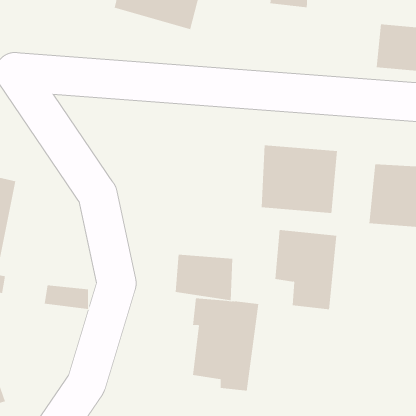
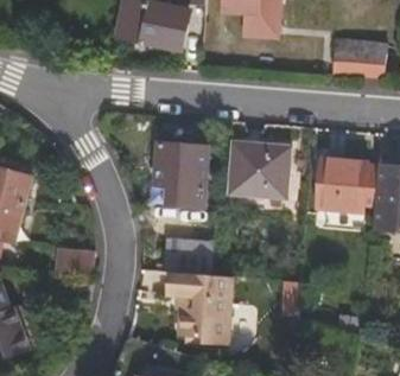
building: [274,230,337,310] -> [159,136,210,202]

